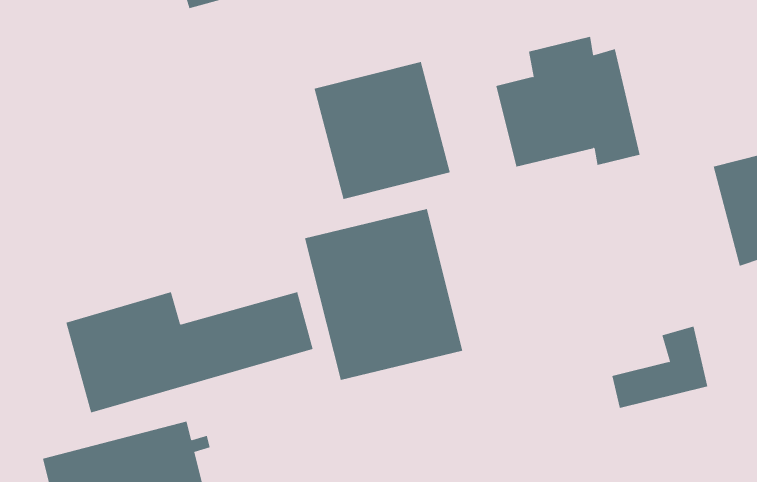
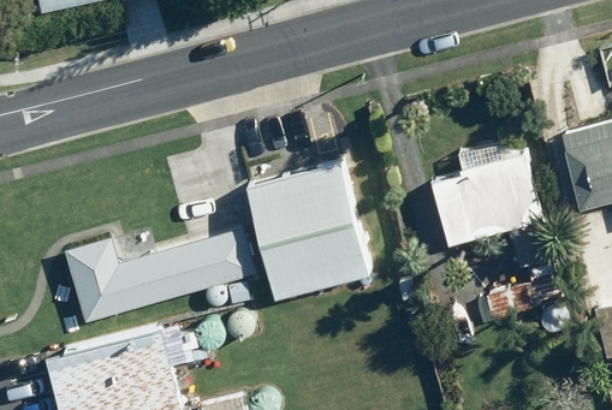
building: [496,36,641,167] -> [433,144,545,245]
building: [314,61,450,200] -> none

